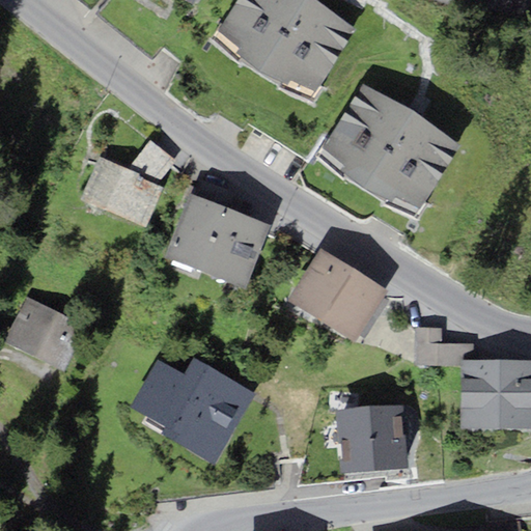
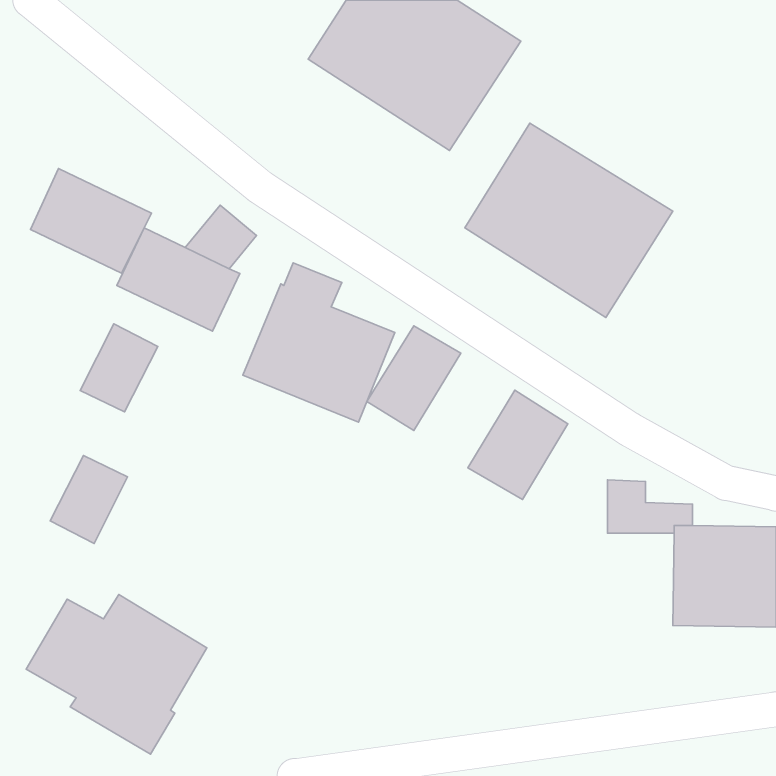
building: none -> [31,169,152,273]
building: [287,248,352,319] -> [367,326,461,431]
building: [4,296,57,356] -> [80,324,158,412]
building: [131,356,254,465] -> [26,595,207,754]
building: [337,407,408,474] -> none

